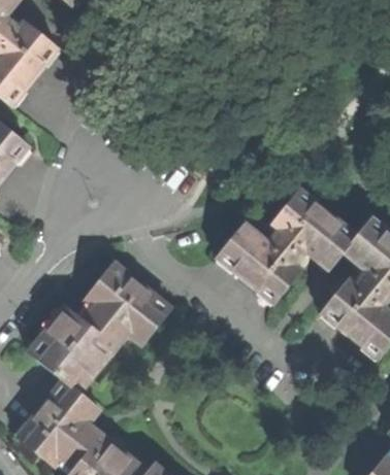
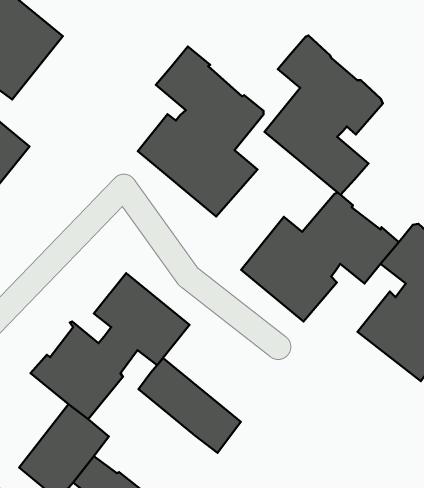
building: none -> [265,36,383,195]
building: none -> [138,47,263,217]
building: none -> [139,358,241,453]

